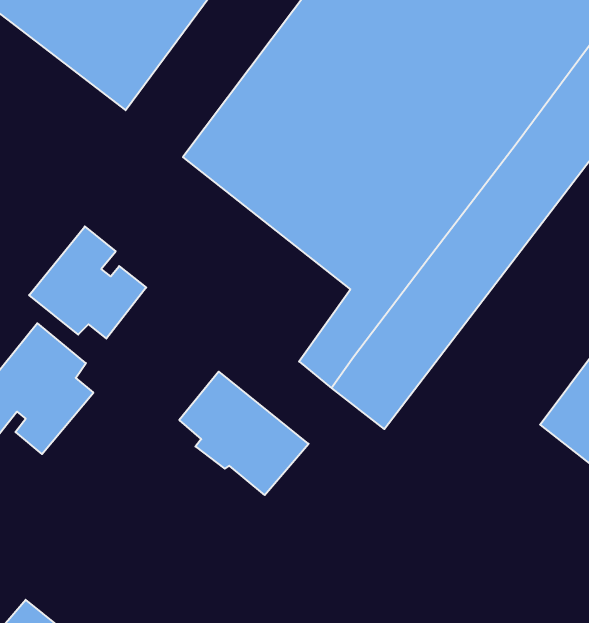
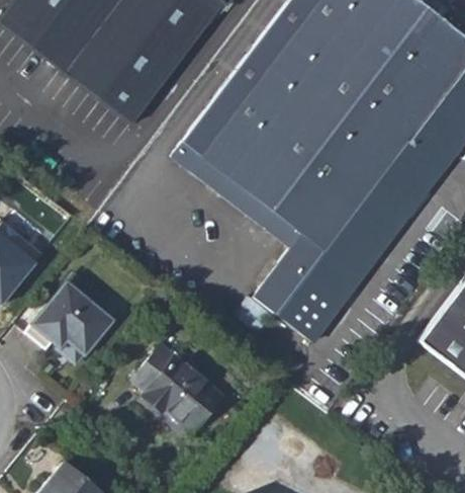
building: [29,226,146,339] -> none
building: [179,372,309,495] -> [132,345,221,430]

